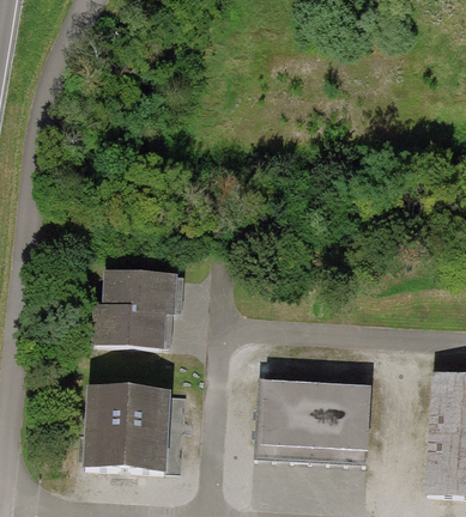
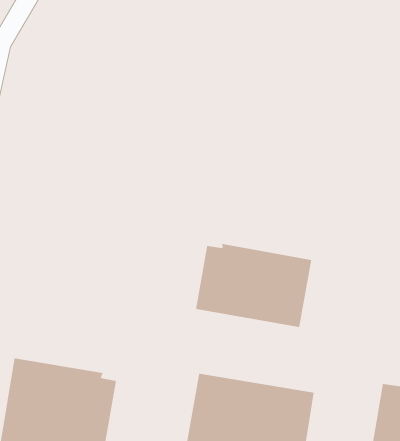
building: none -> [196,243,312,328]
building: [92,269,177,348] -> none

